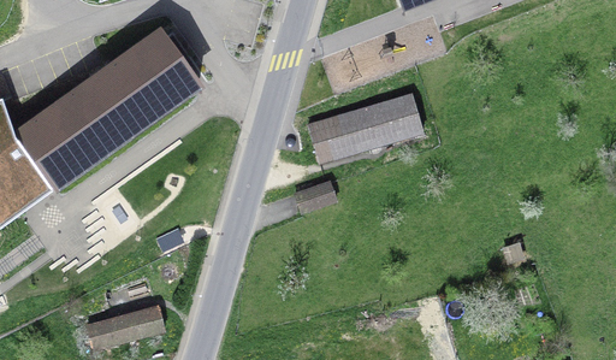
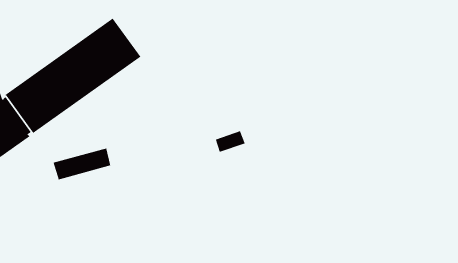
building: [308,95,422,164] -> none
building: [87,307,164,350] -> [53,148,111,181]

